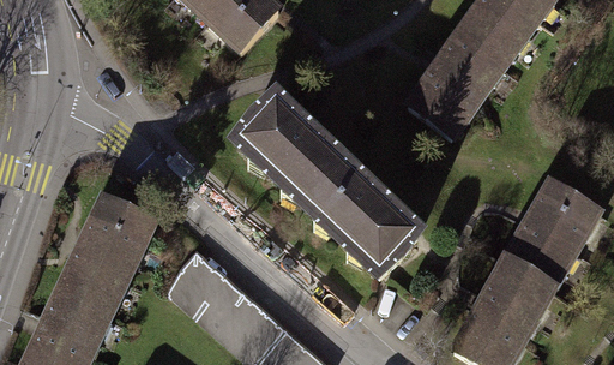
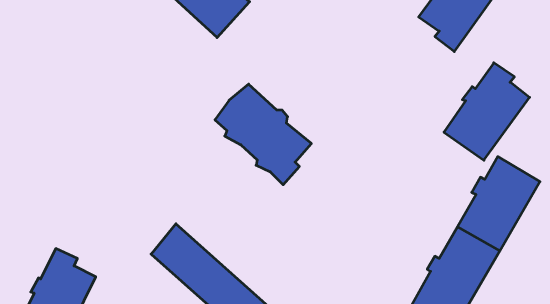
building: [410,25,505,133] -> [444,63,530,160]
building: [315,166,419,273] -> none
building: [64,196,155,313] -> none

